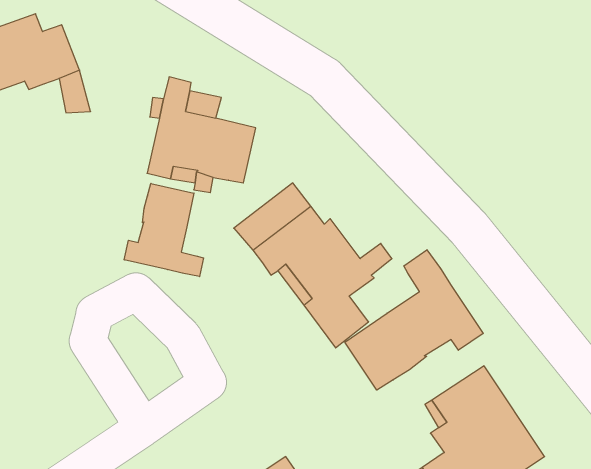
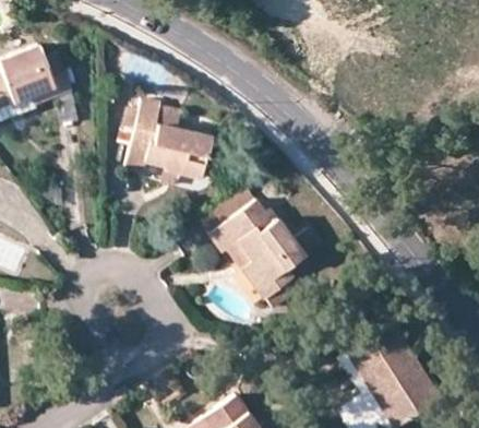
building: [124,183,203,277] -> none
building: [345,250,483,390] -> none

